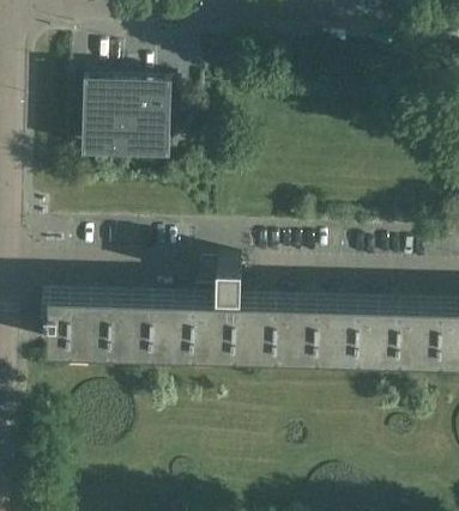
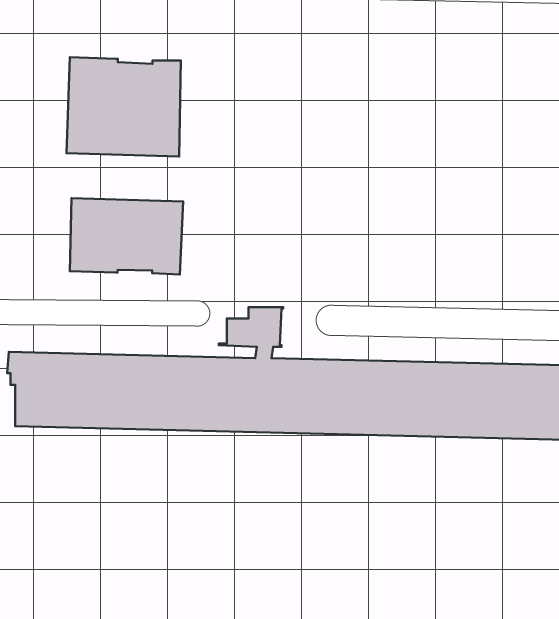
building: none -> [70,198,183,274]

